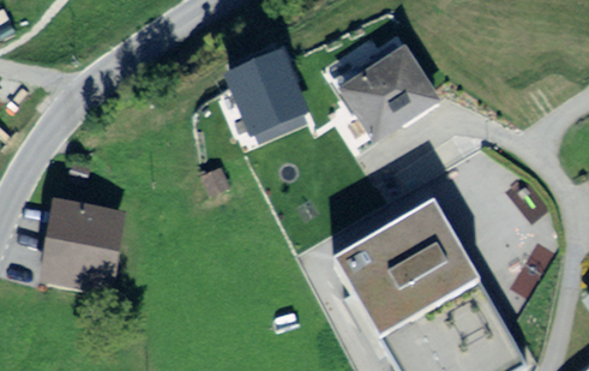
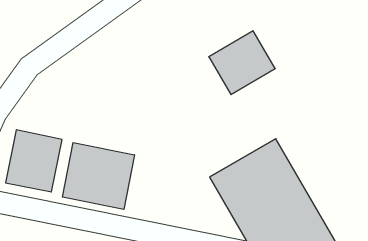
building: [224,47,312,133] -> none
building: none -> [62,143,134,209]

